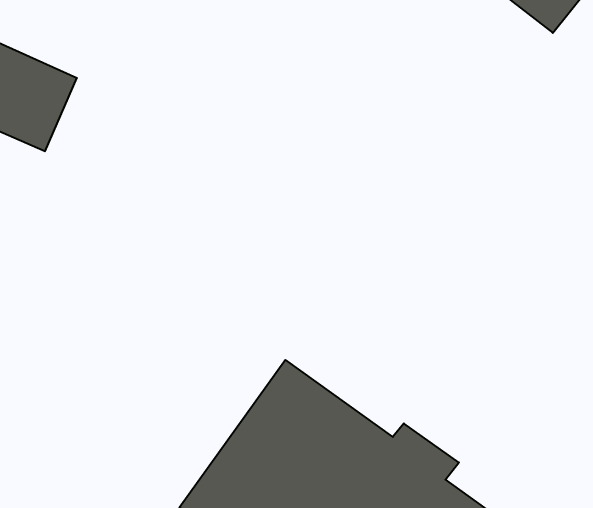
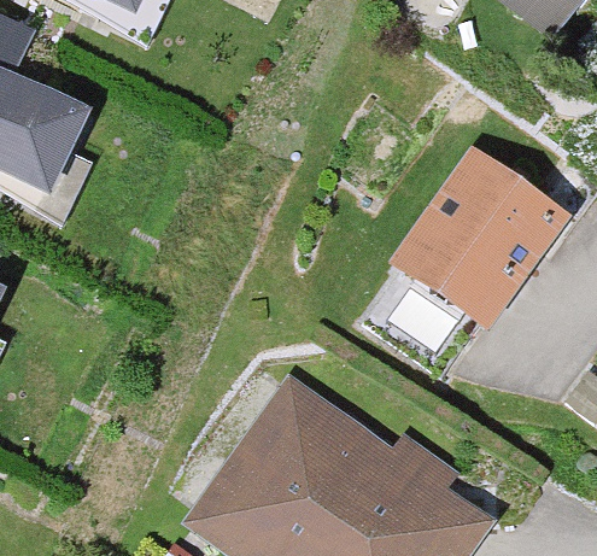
building: none -> [393,157,568,335]

